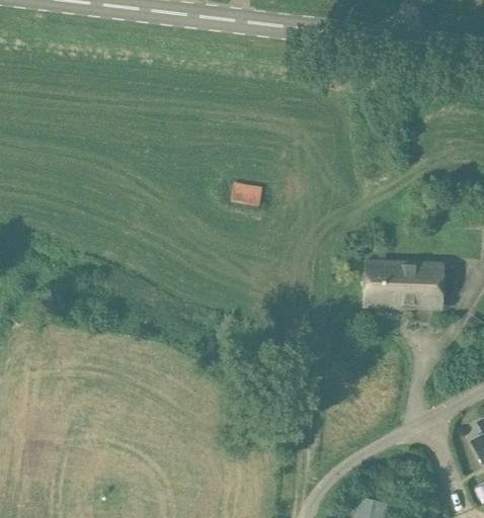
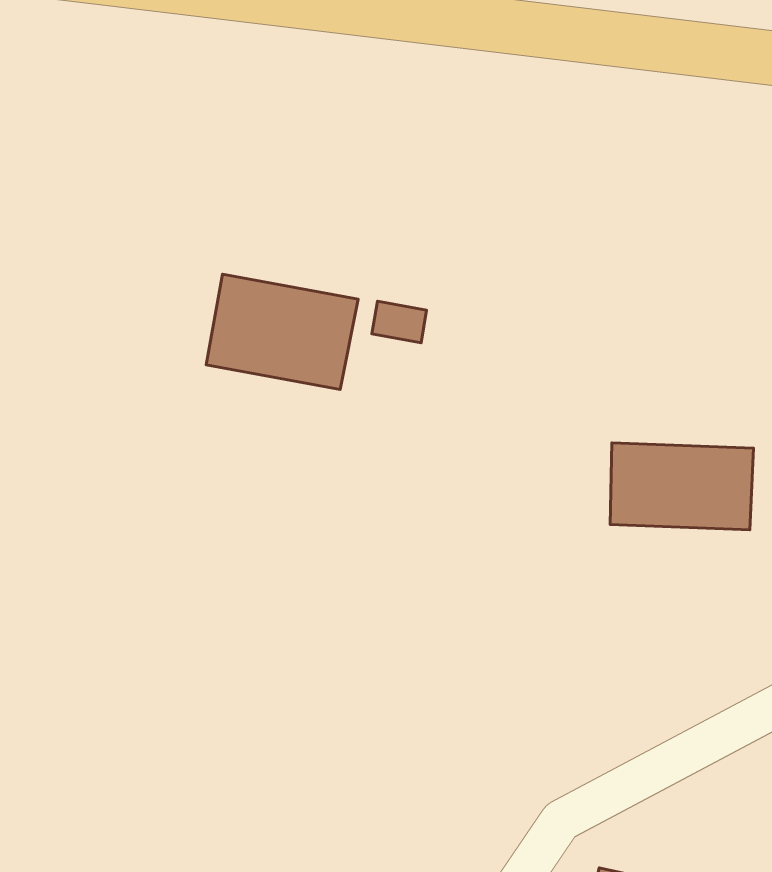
building: none -> [206,274,358,389]

